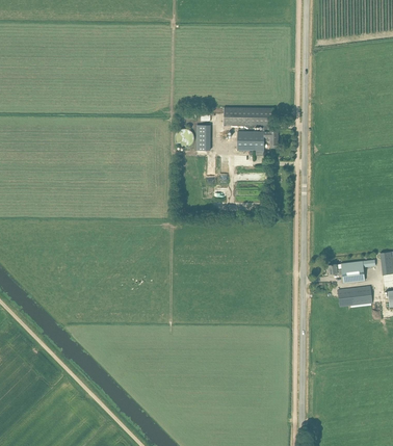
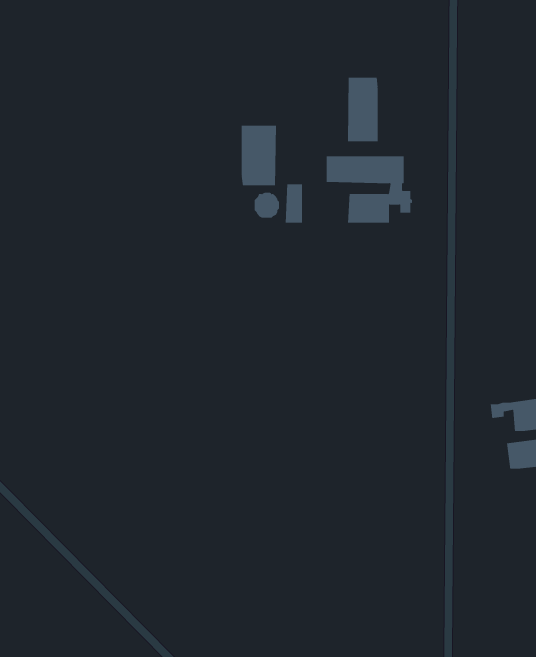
building: none -> [347,77,378,142]
building: none -> [241,125,276,186]

